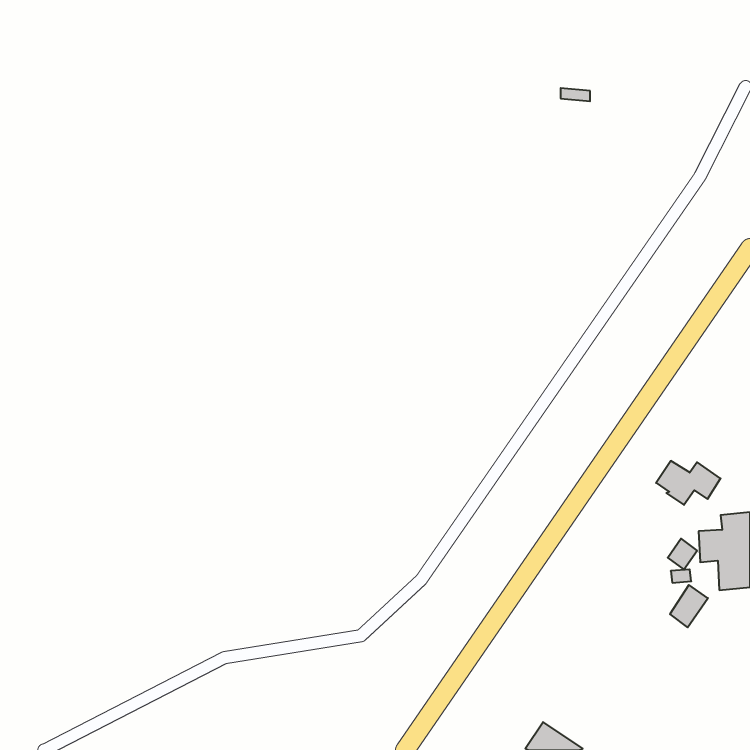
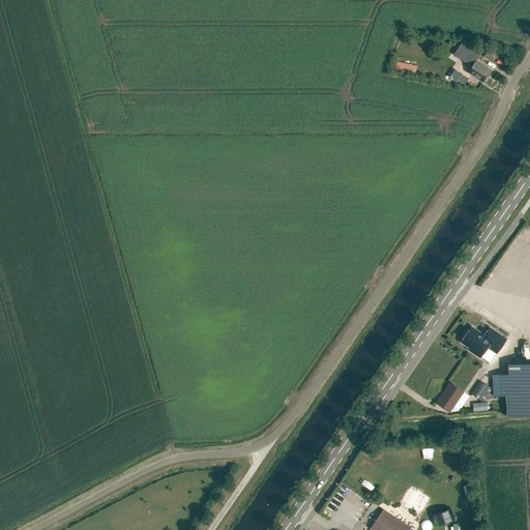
building: none -> [453,42,492,83]
building: [670,585,708,627] -> [437,382,464,412]

